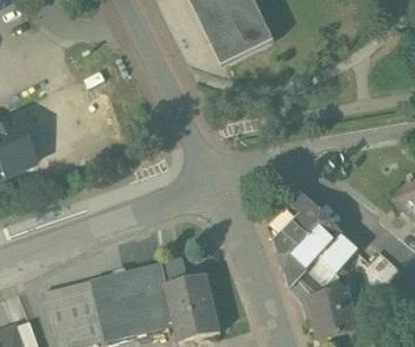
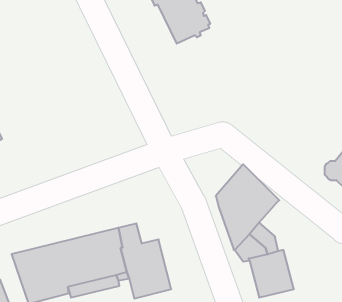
building: [320,234,358,272] -> none

